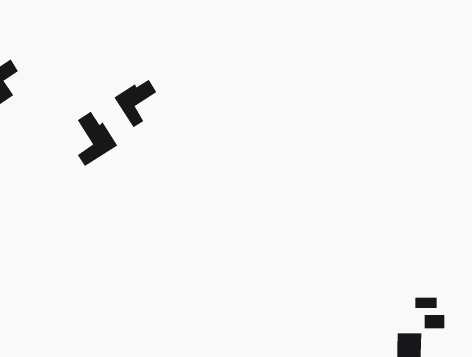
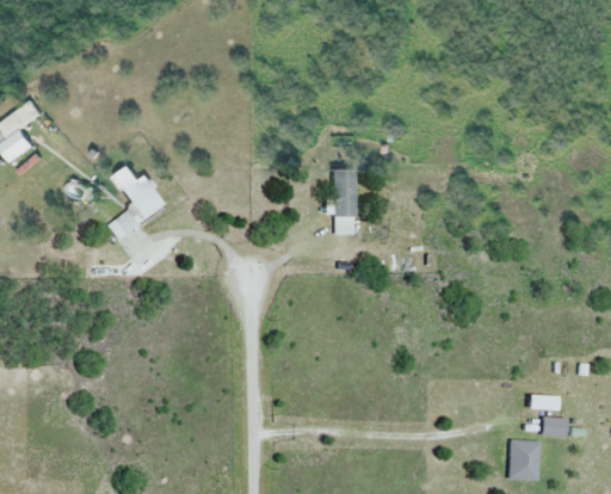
building: [113,79,157,128] -> none
building: none -> [332,169,357,216]

